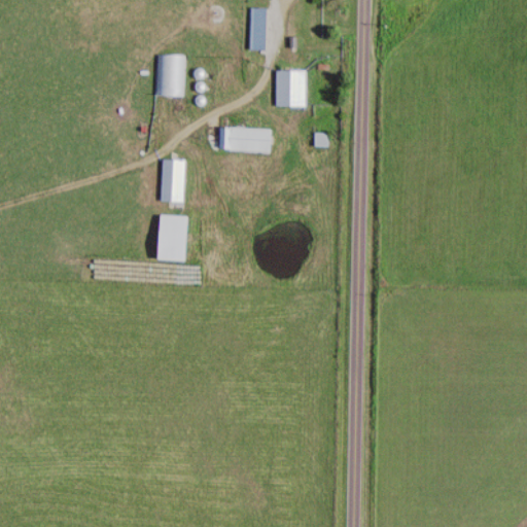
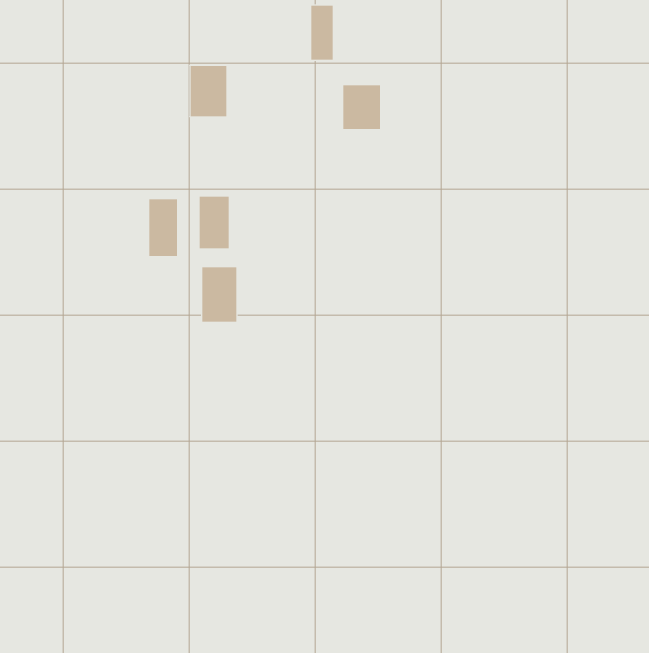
building: [218,127,273,151] -> none
building: none -> [149,199,177,257]

